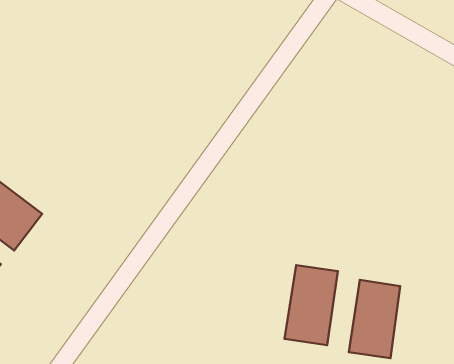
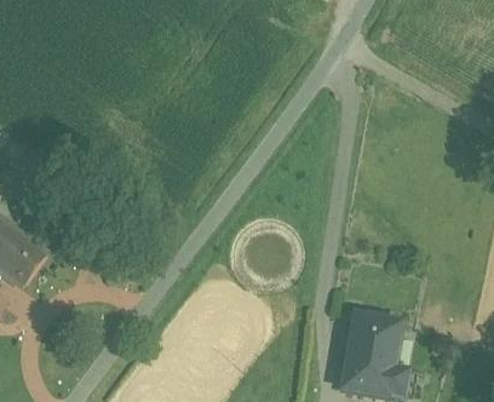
building: [285,265,338,345] -> none

